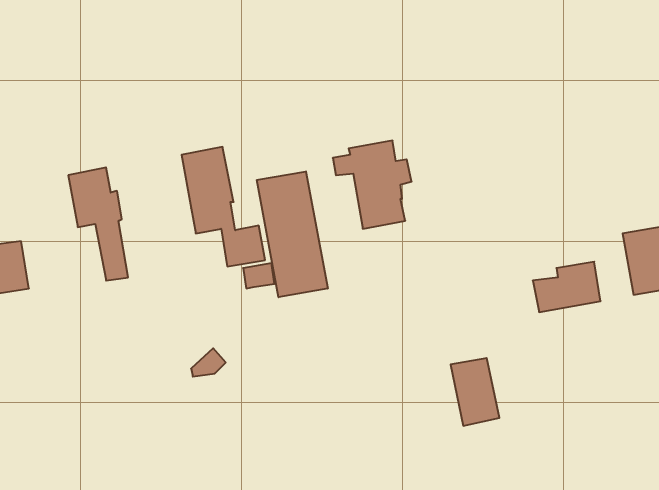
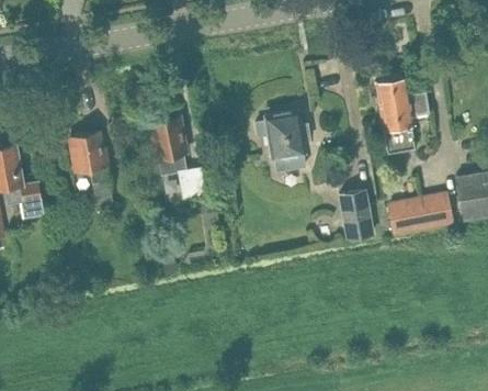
building: none -> [375,76,428,153]
building: [257,171,328,297] -> none
building: [451,358,499,426] -> [339,190,373,237]

